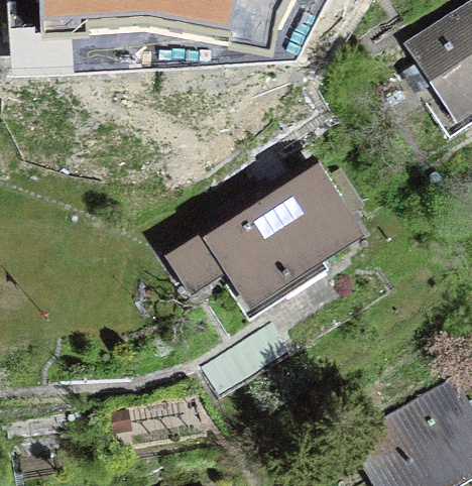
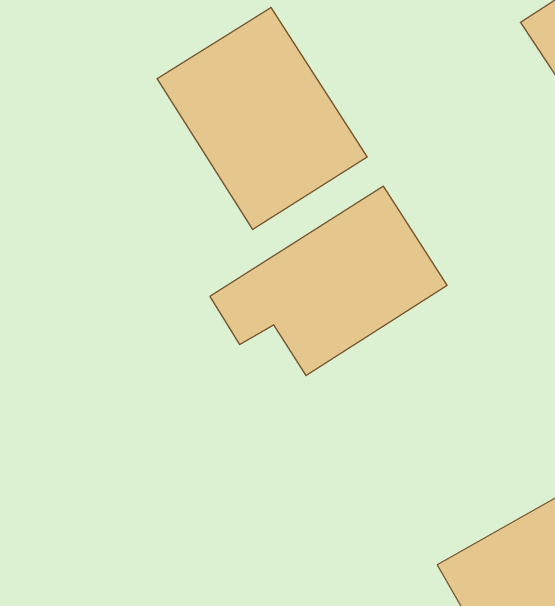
building: none -> [157,7,367,230]

